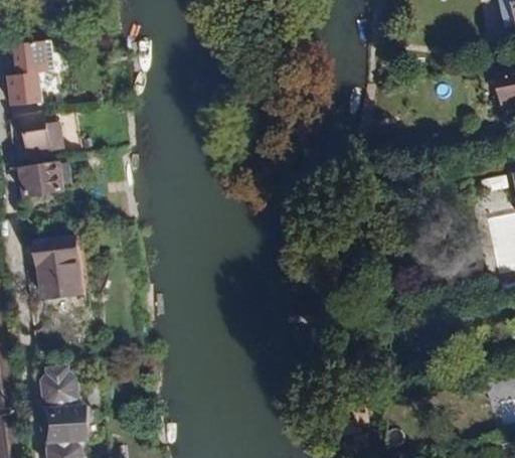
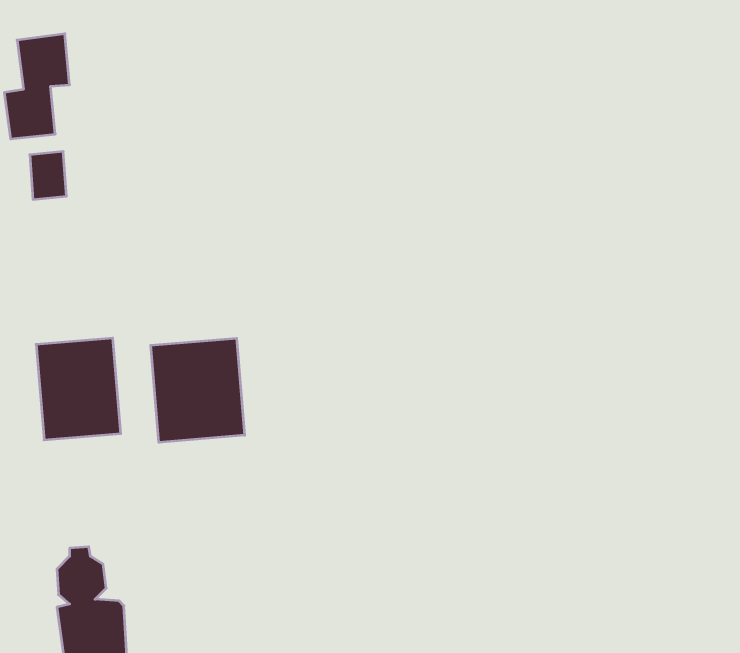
building: [15,161,62,196] -> none
building: none -> [151,338,245,442]

